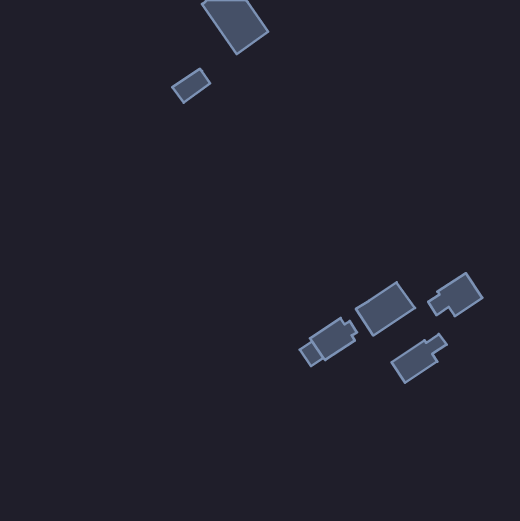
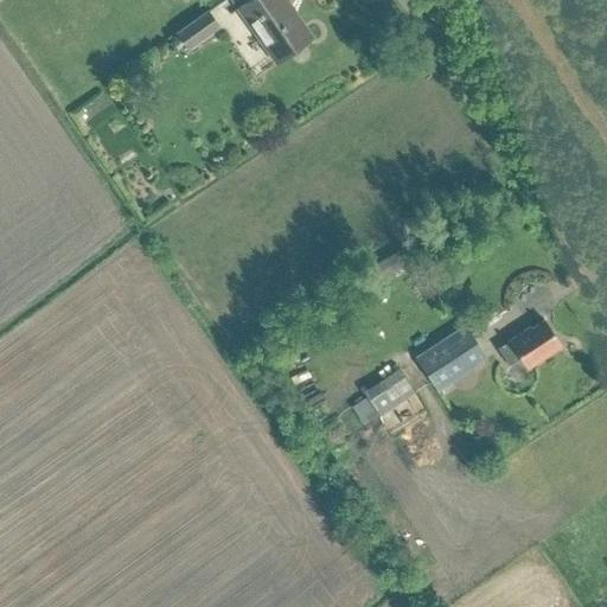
building: [172,69,210,103] -> [174,8,218,47]
building: [392,334,447,383] -> none

